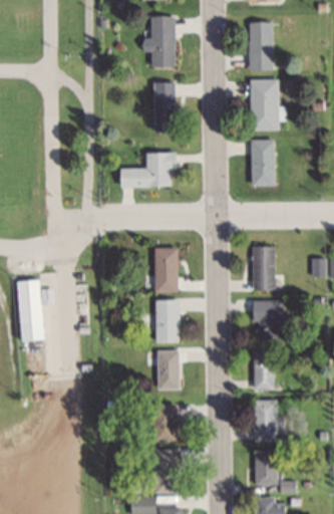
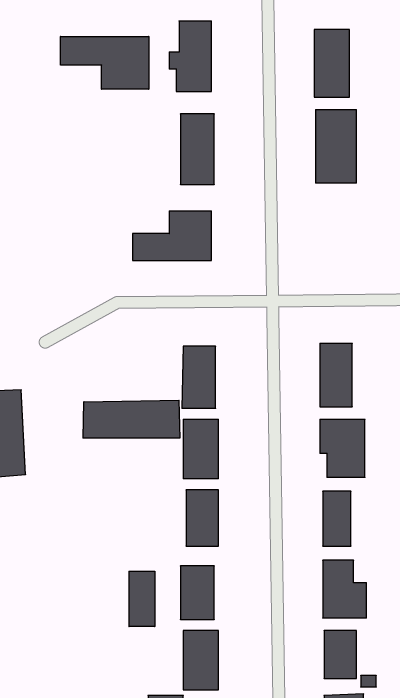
building: none -> [61,36,149,89]
building: [250,141,276,186] -> none
building: none -> [83,400,180,438]
building: none -> [129,571,155,627]

